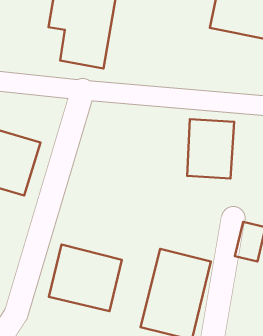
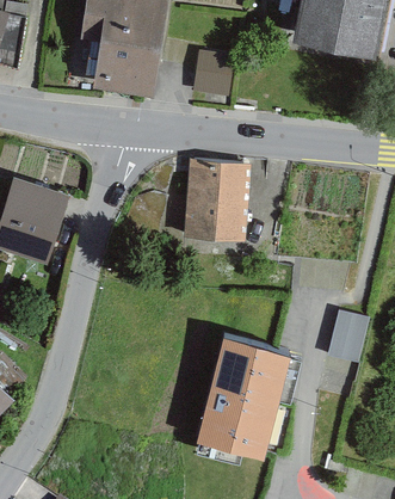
building: none -> [190,50,230,94]
building: [187,119,234,179] -> [184,162,246,241]
building: [49,245,122,311] -> none

